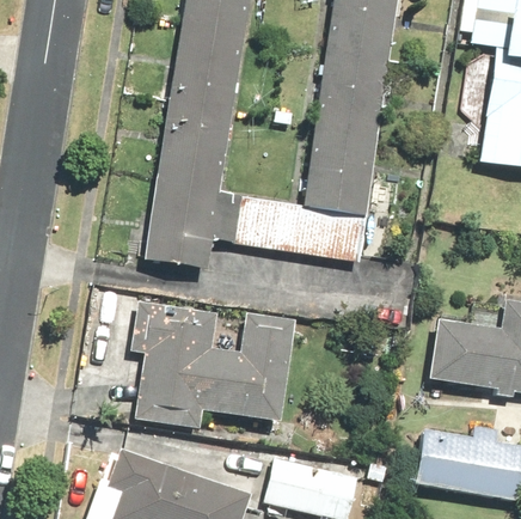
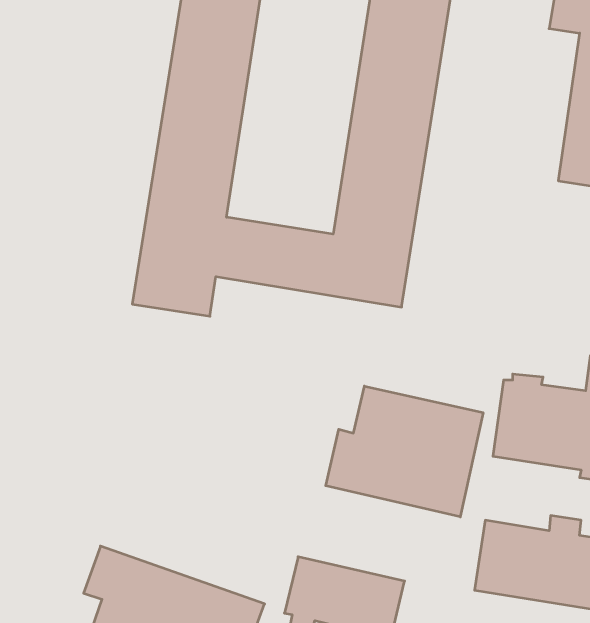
building: [131,300,294,428] -> none
building: none -> [326,386,483,517]

